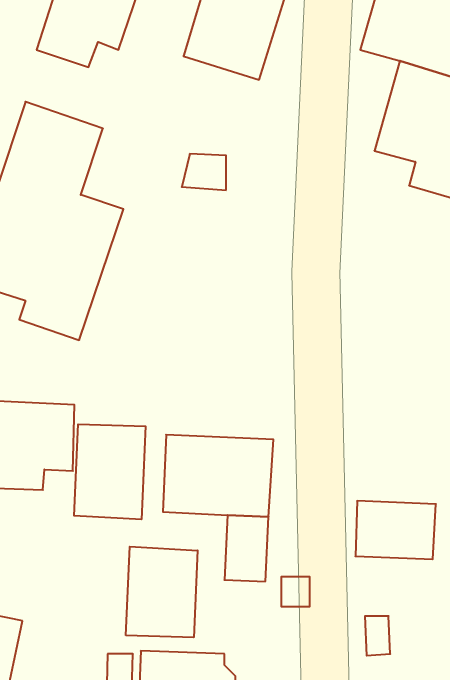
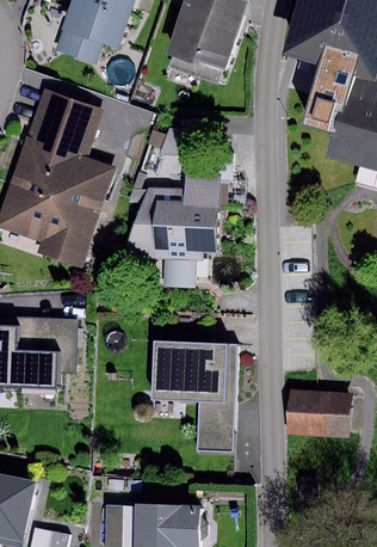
building: none -> [118,171,224,290]
building: [74,424,146,519] -> none
building: [126,547,198,637] -> none

